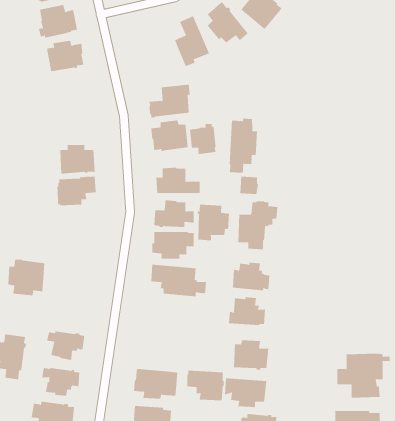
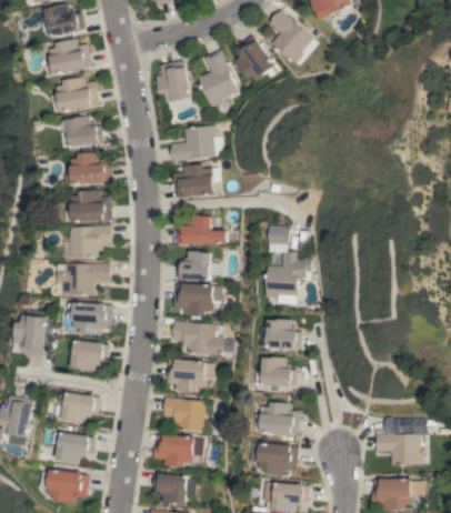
building: none -> [154,61,190,103]
building: none -> [62,117,103,149]
building: none -> [66,152,111,185]
building: [229,118,258,174] -> none
building: [189,123,216,155] -> none
building: [197,204,230,241] -> none
building: none -> [58,263,110,295]
building: none -> [68,303,112,335]
building: none -> [71,341,108,372]
building: none -> [166,360,204,392]
building: [187,370,224,401] -> [162,399,203,432]

